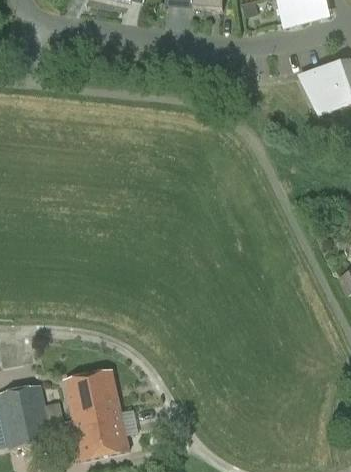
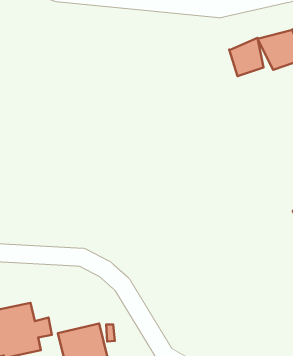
building: none -> [229,38,263,76]
building: [60,368,117,419] -> none

